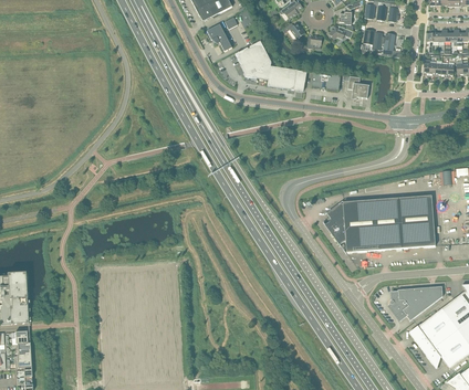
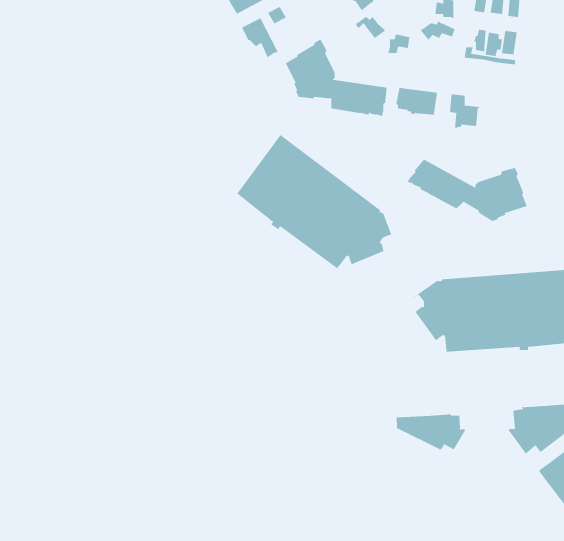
building: none -> [237,134,394,272]
building: none -> [407,159,528,222]
building: none -> [396,413,466,451]

